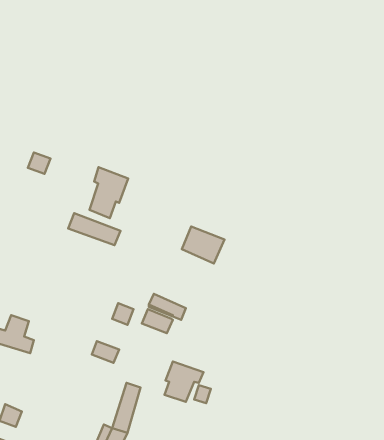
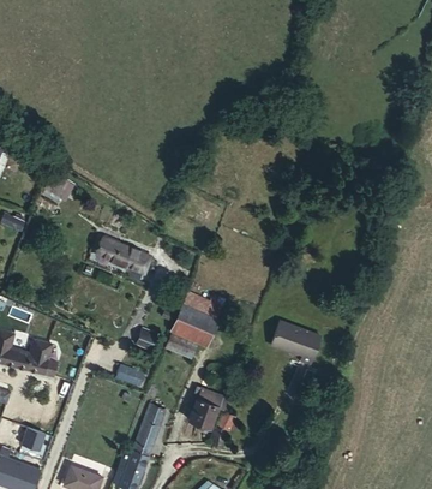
building: [89,167,128,218] -> none
building: [182,227,225,263] -> [178,294,221,332]
building: none -> [271,321,322,364]

